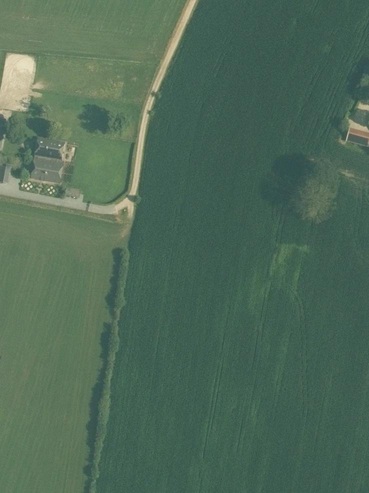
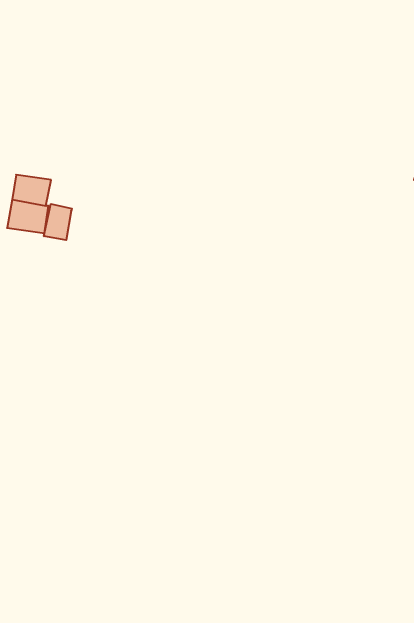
building: none -> [44,204,72,240]

